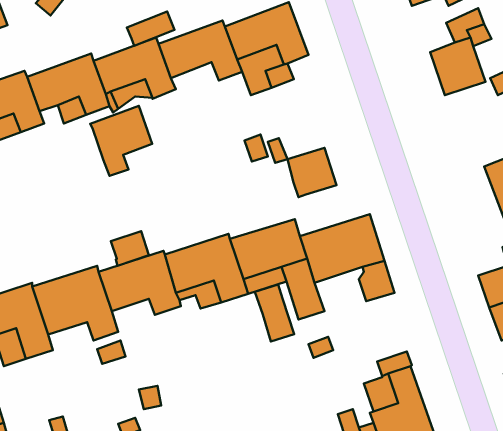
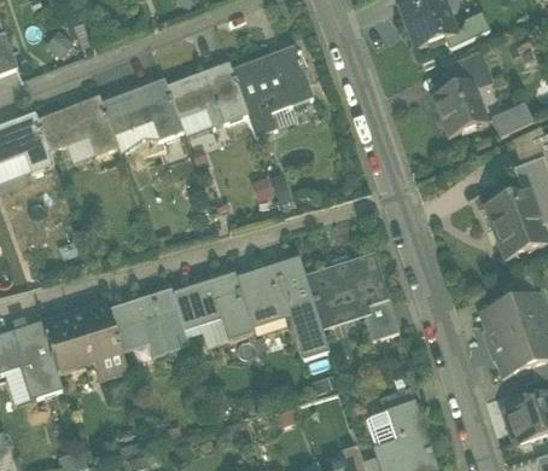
building: [127,11,175,46] -> [177,103,225,136]
building: [90,106,152,176] -> none
building: [288,148,336,197] -> none
building: [111,231,149,266] -> none
building: [255,285,294,341] -> none

